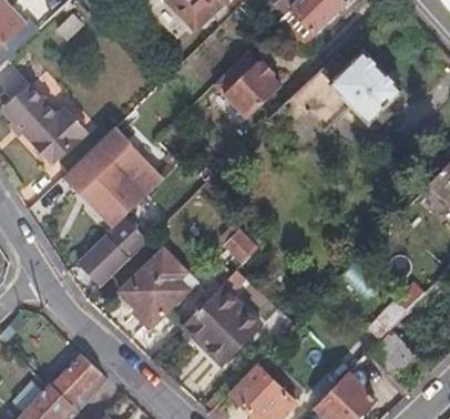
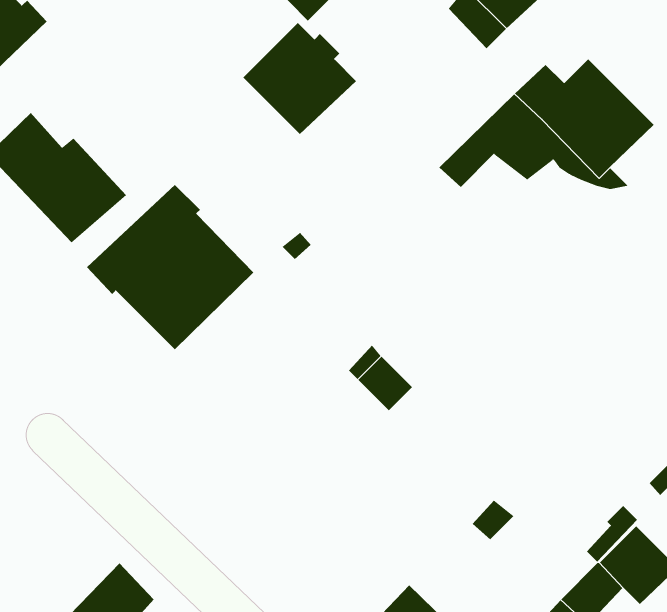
building: [213,52,282,120] -> [242,22,357,135]
building: [78,218,142,287] -> none
building: [120,251,188,326] -> none
building: [183,288,260,365] -> none

